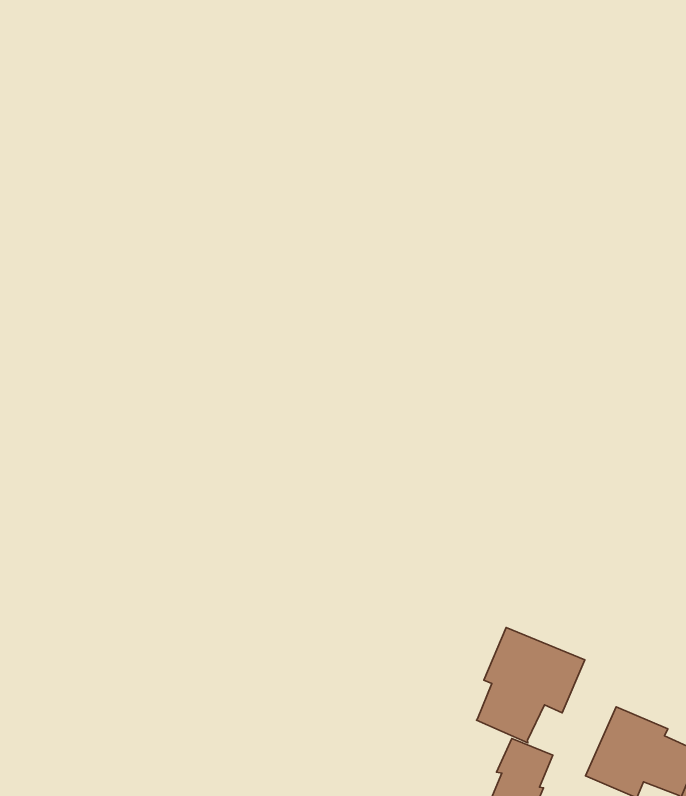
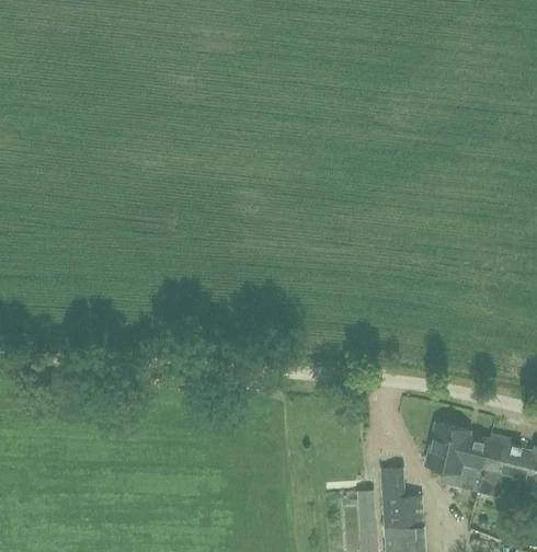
building: [476,627,585,743] -> none

